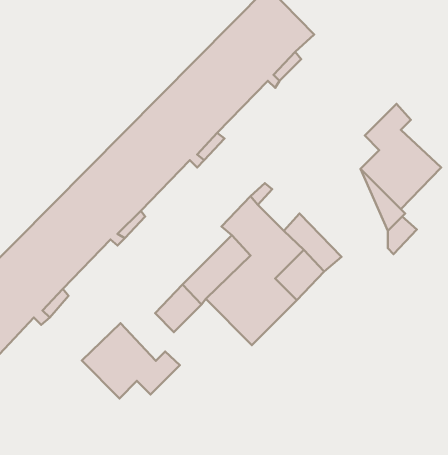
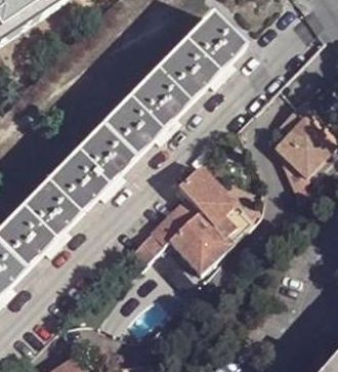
building: [82,323,180,398] -> none

